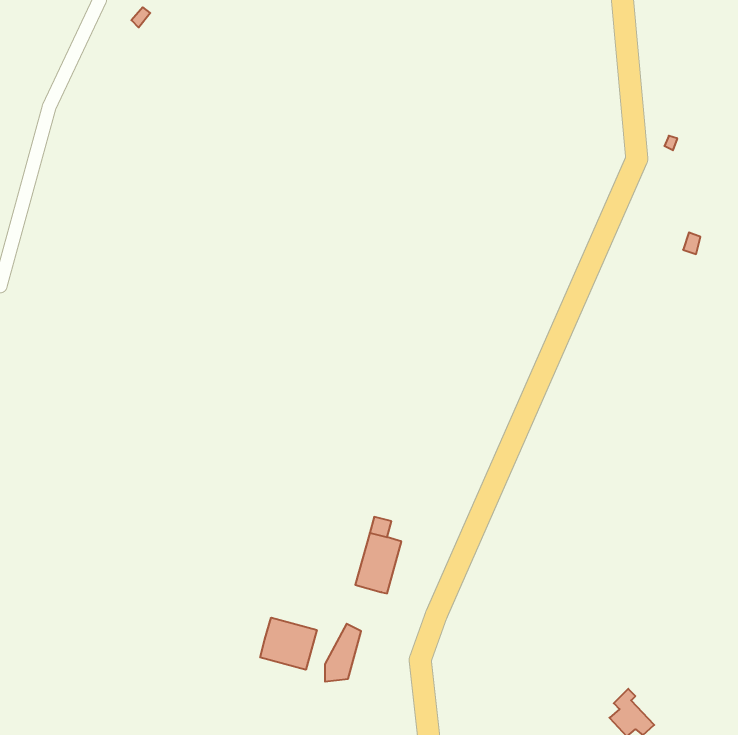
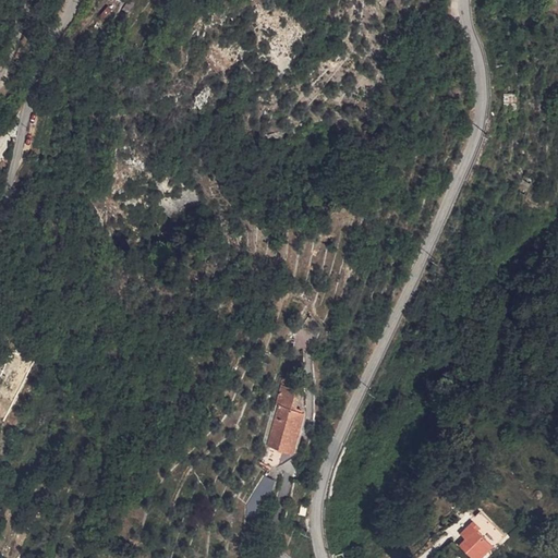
building: [260,618,317,670] -> none

